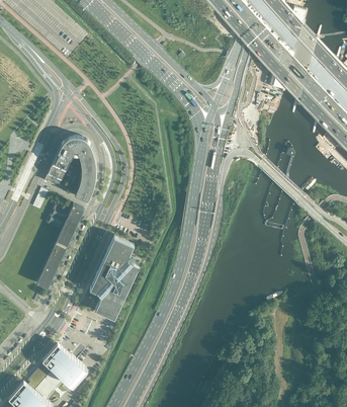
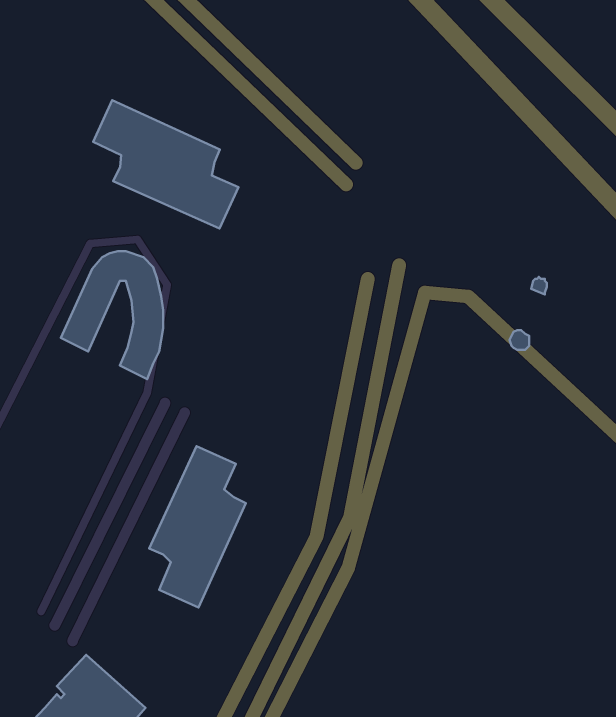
building: none -> [93,100,238,229]
building: [35,205,83,289] -> none

